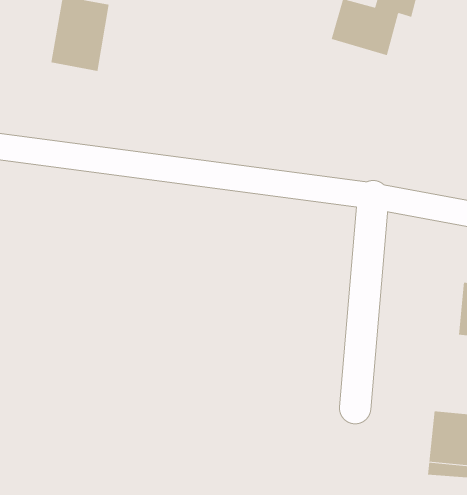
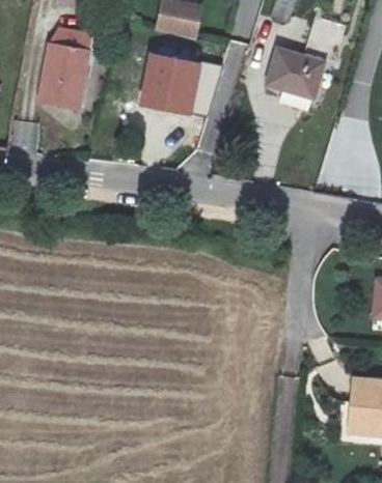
building: none -> [145,58,201,111]

